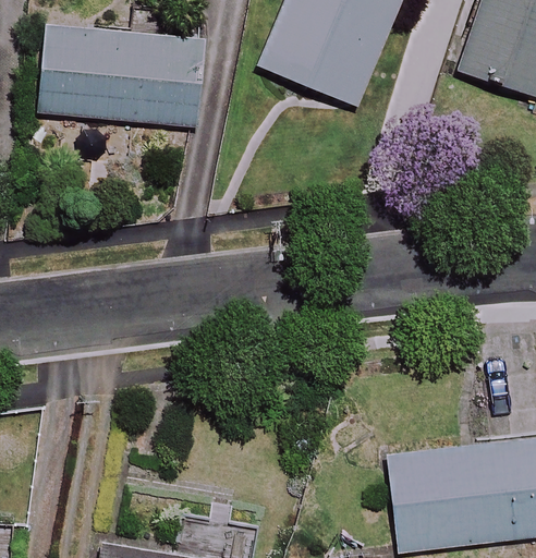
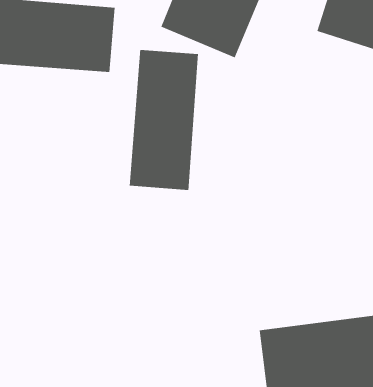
building: none -> [129,49,199,191]

